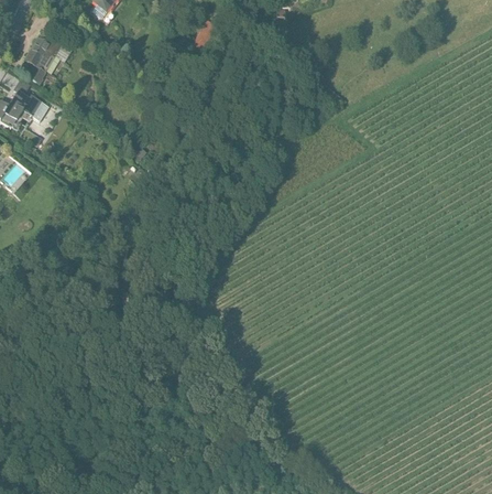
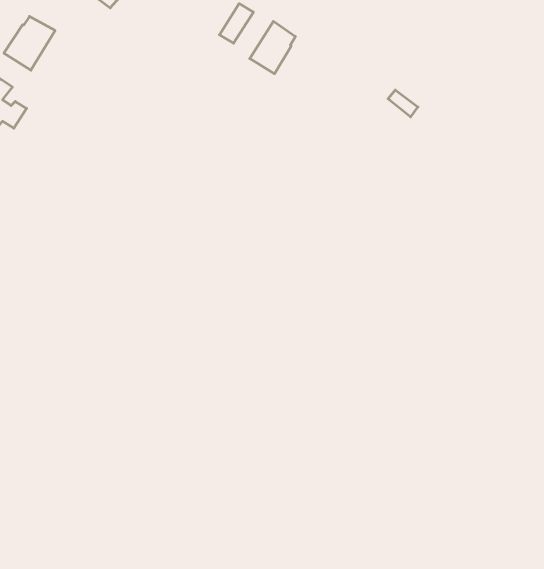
building: none -> [250,21,295,74]

